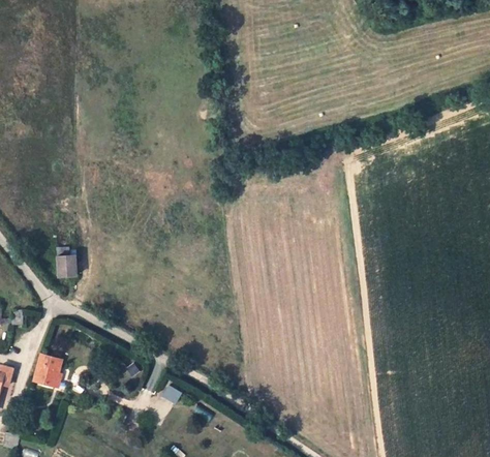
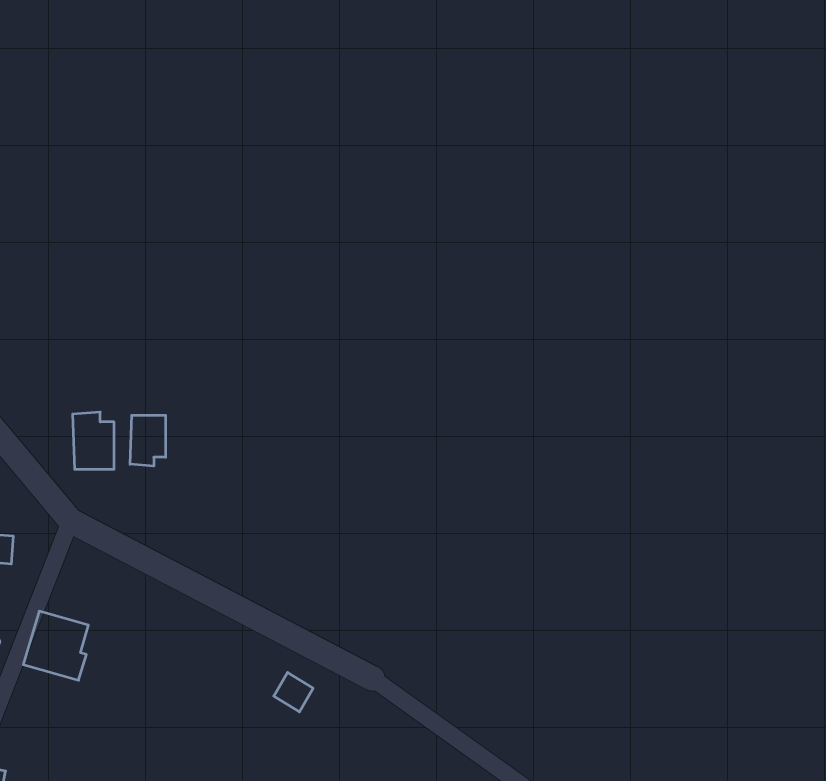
building: none -> [130,415,166,466]

